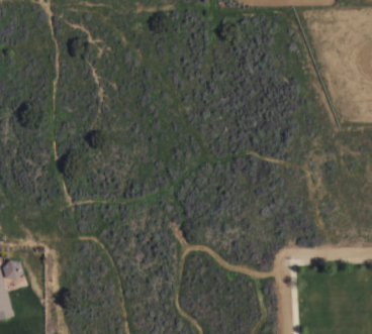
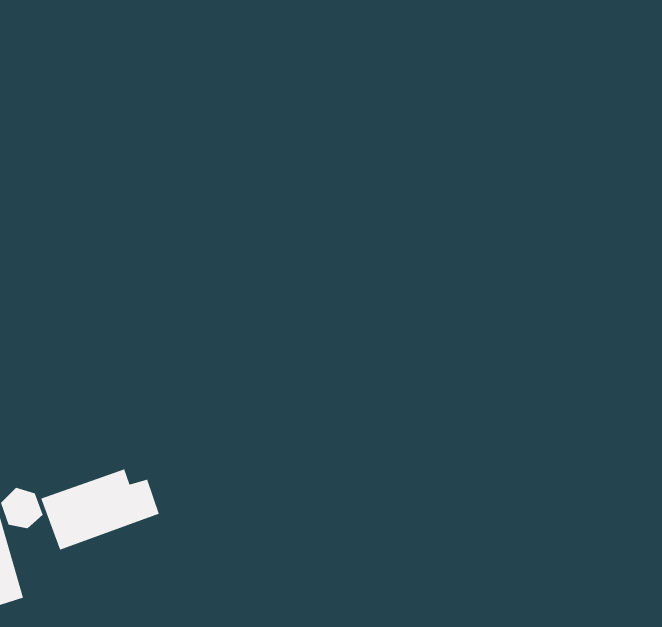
building: none -> [41,468,160,551]

